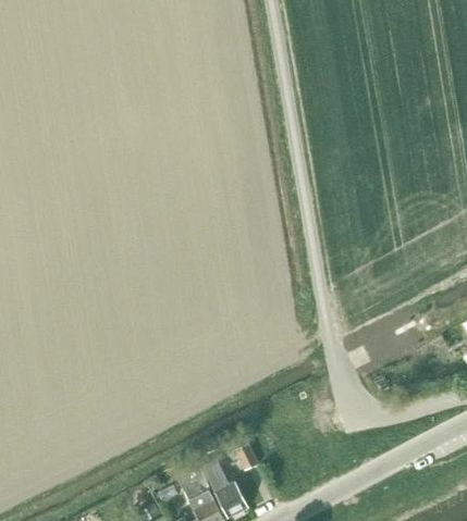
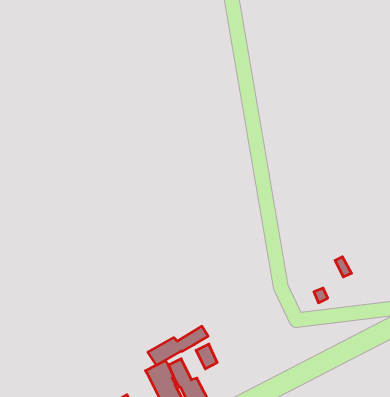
building: none -> [148,326,208,365]

